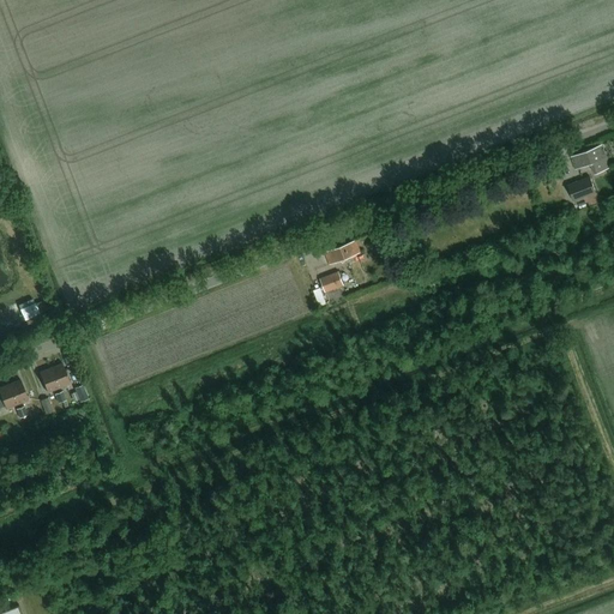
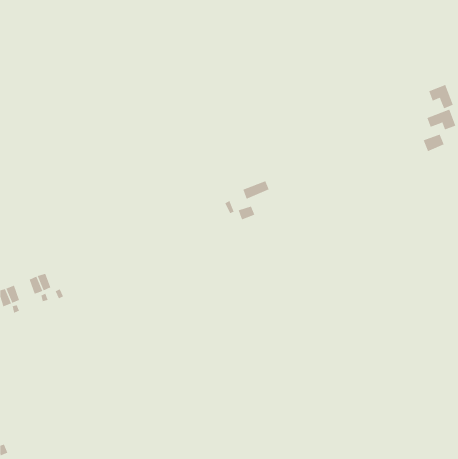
building: none -> [428,84,454,109]

